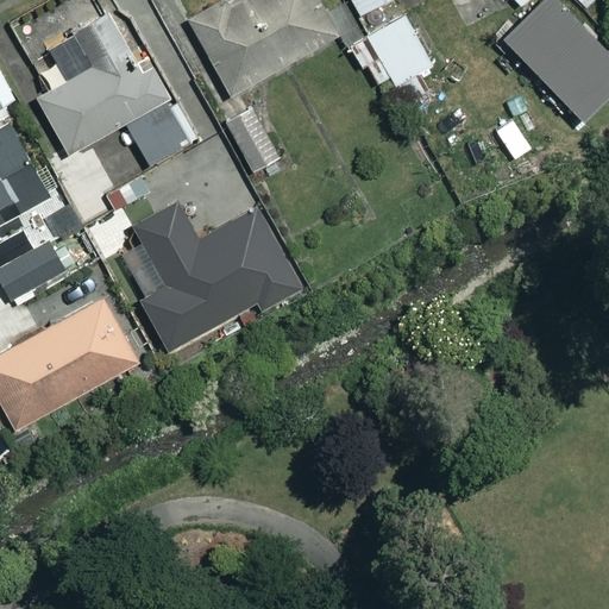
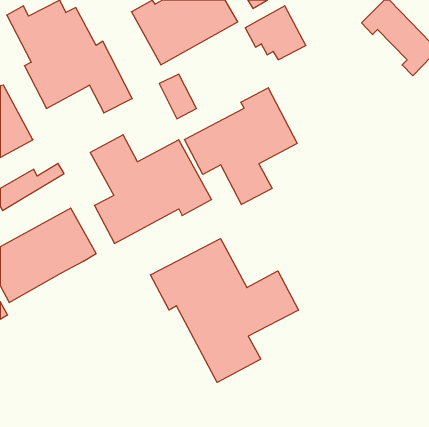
building: none -> [184,88,297,205]
building: none -> [150,239,299,382]

